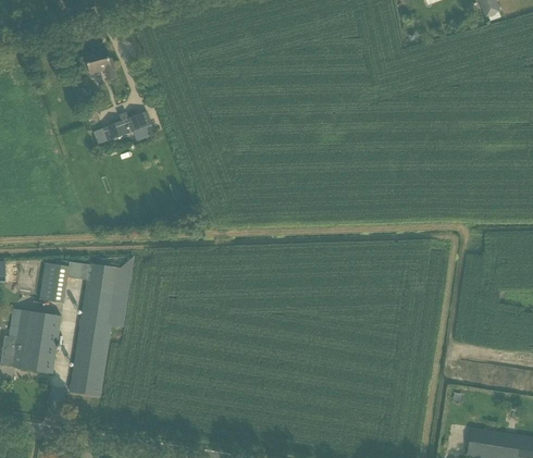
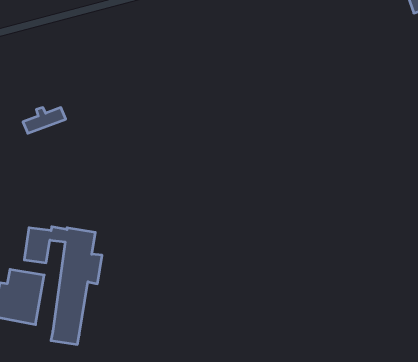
building: [84,50,115,81] -> none
building: [102,113,151,143] -> [23,108,66,133]

